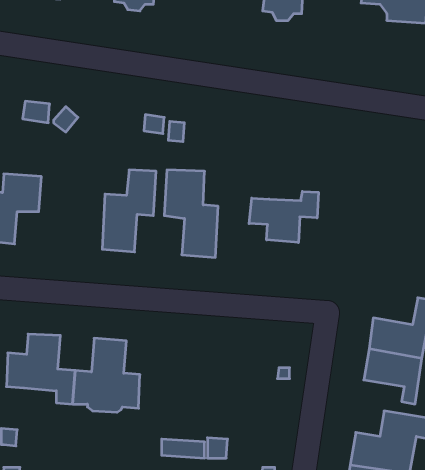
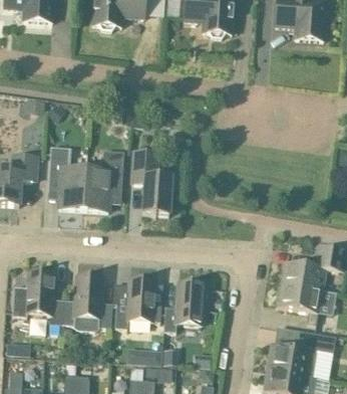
building: none -> [48,145,85,208]
building: [249,191,318,243] -> none
building: none -> [114,277,161,328]
building: none -> [163,280,203,331]

